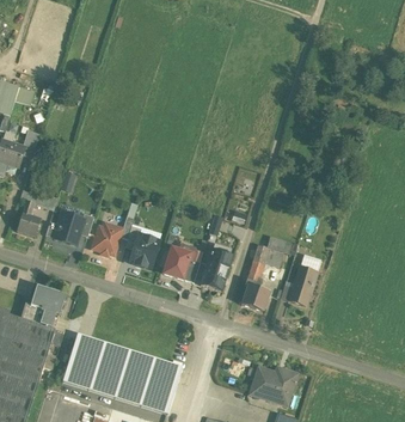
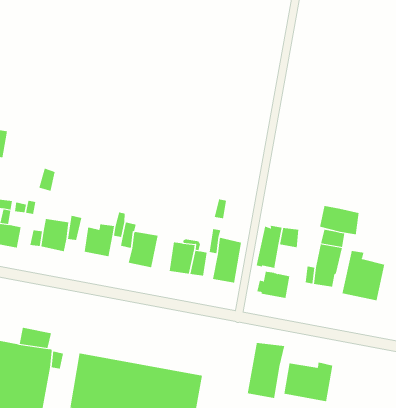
building: none -> [320,205,359,235]
building: none -> [342,250,385,301]
building: [30,285,66,314] -> none
building: none -> [247,342,285,399]

